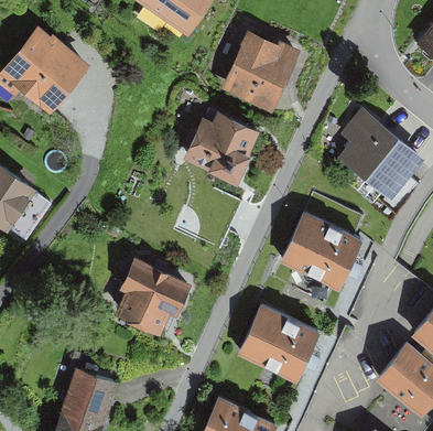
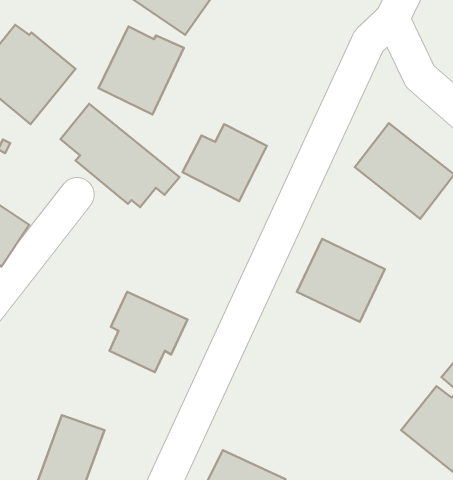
building: [223,33,297,110] -> [98,27,184,115]
building: none -> [61,104,179,207]
building: [240,308,317,379] -> none

